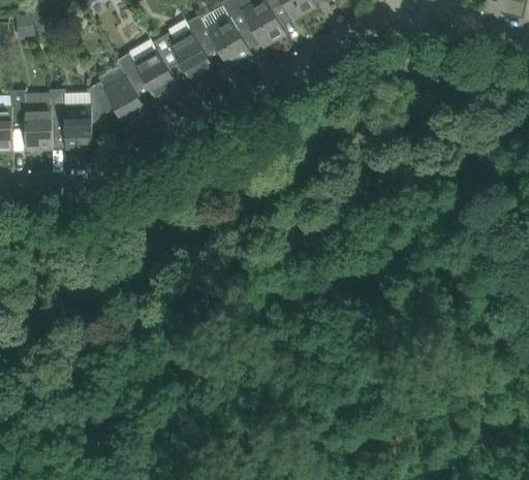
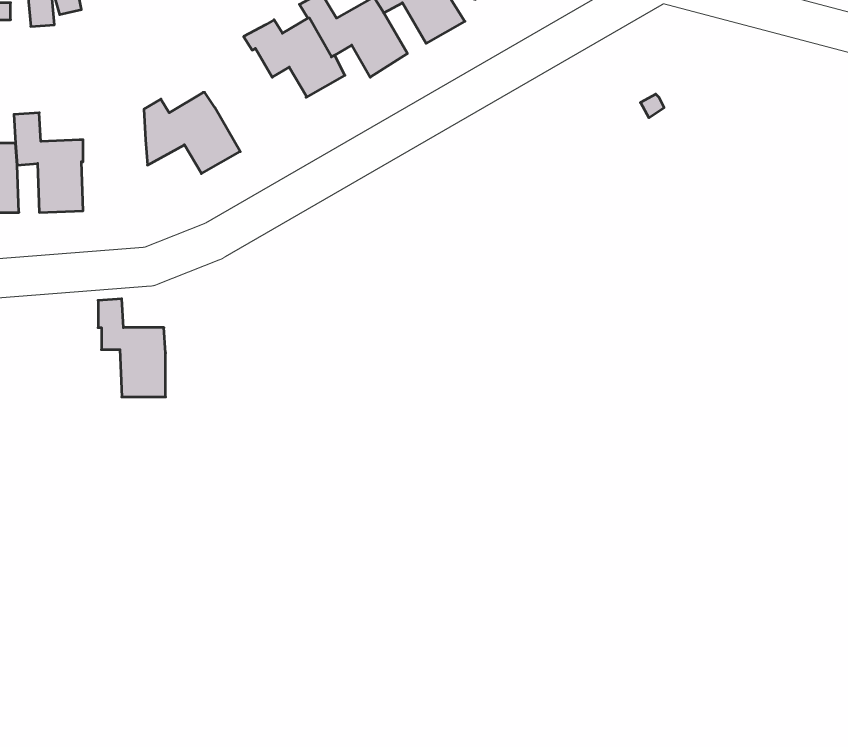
building: [116,50,178,99] -> none
building: [50,88,91,148] -> [98,299,166,397]

